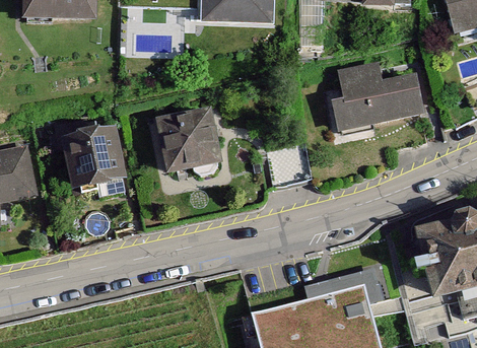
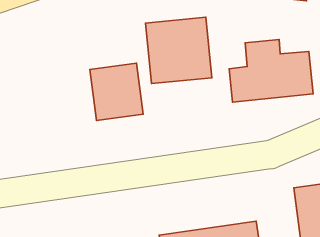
building: none -> [145,17,212,84]
building: [55,120,130,192] -> none

